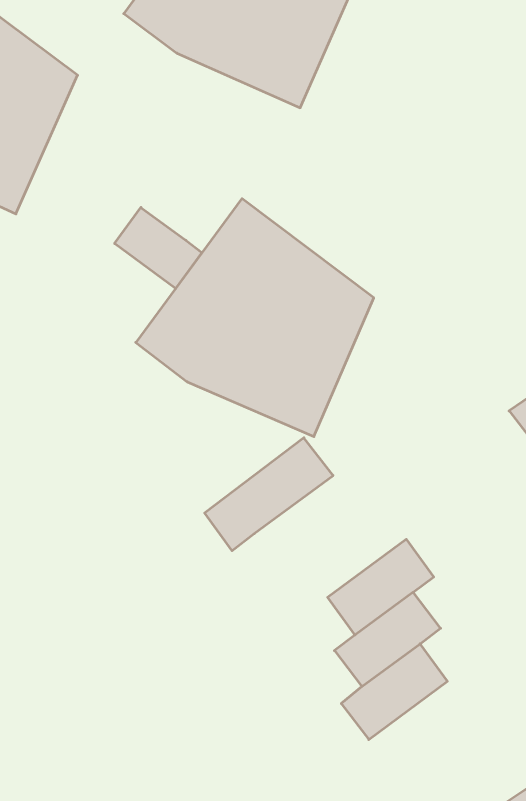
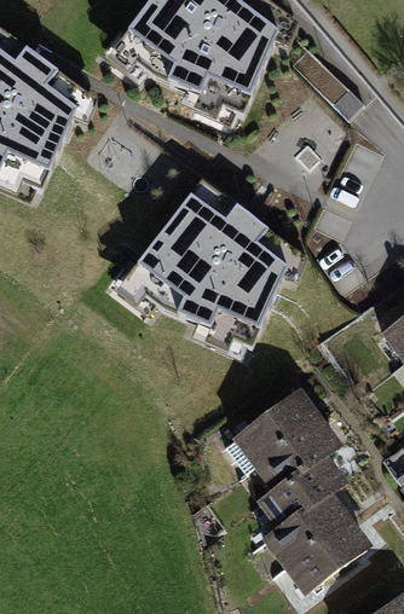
building: [115,207,202,289] -> none
building: [205,438,333,551] -> [226,390,317,470]
building: none -> [290,517,367,586]

